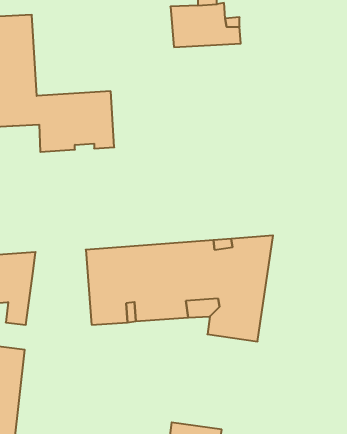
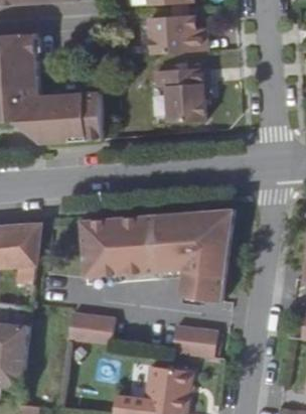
building: none -> [153,63,210,119]
building: none -> [66,311,114,346]
building: none -> [171,324,218,360]

